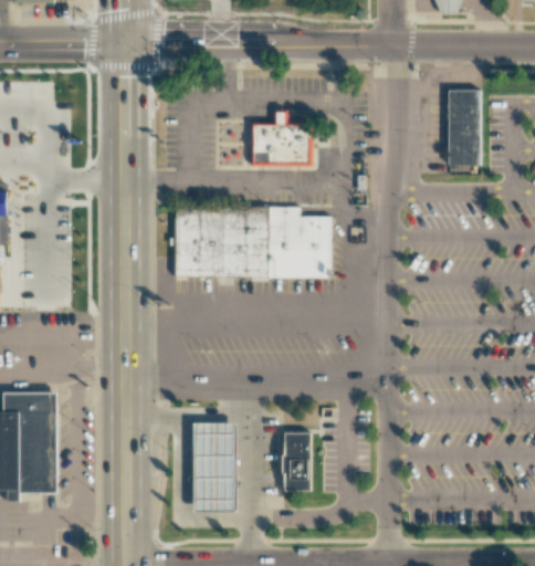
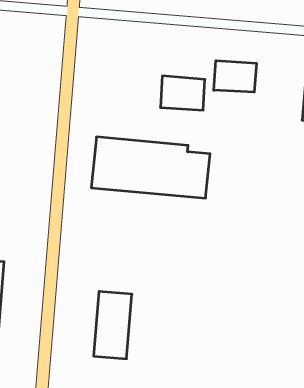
building: none -> [214,61,256,92]
building: [279,438,307,496] -> none

